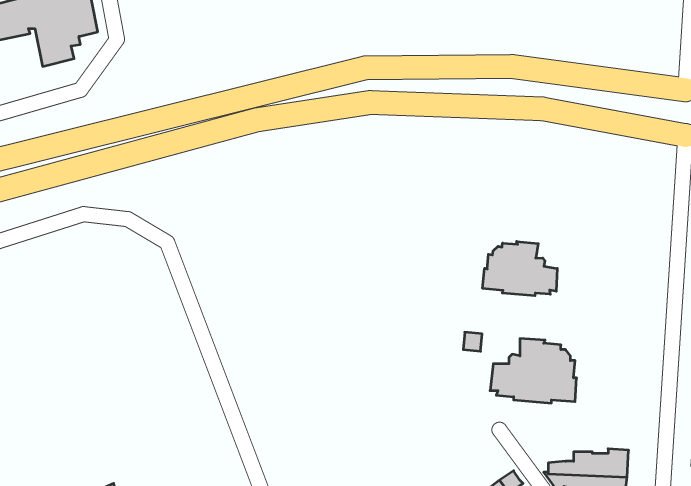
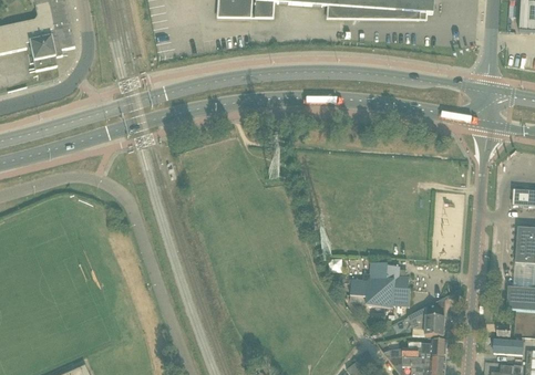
building: [483,241,557,296] -> none
building: none -> [408,304,445,335]

